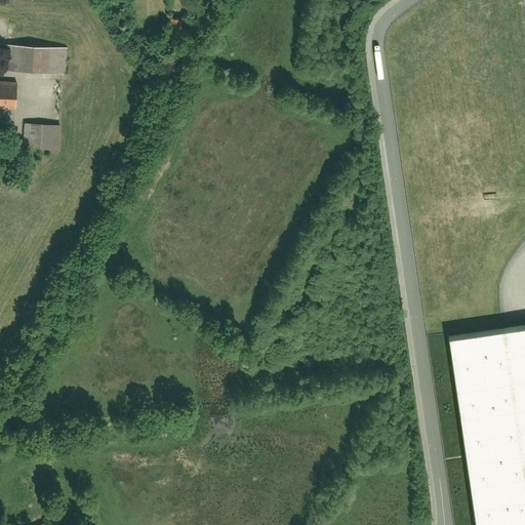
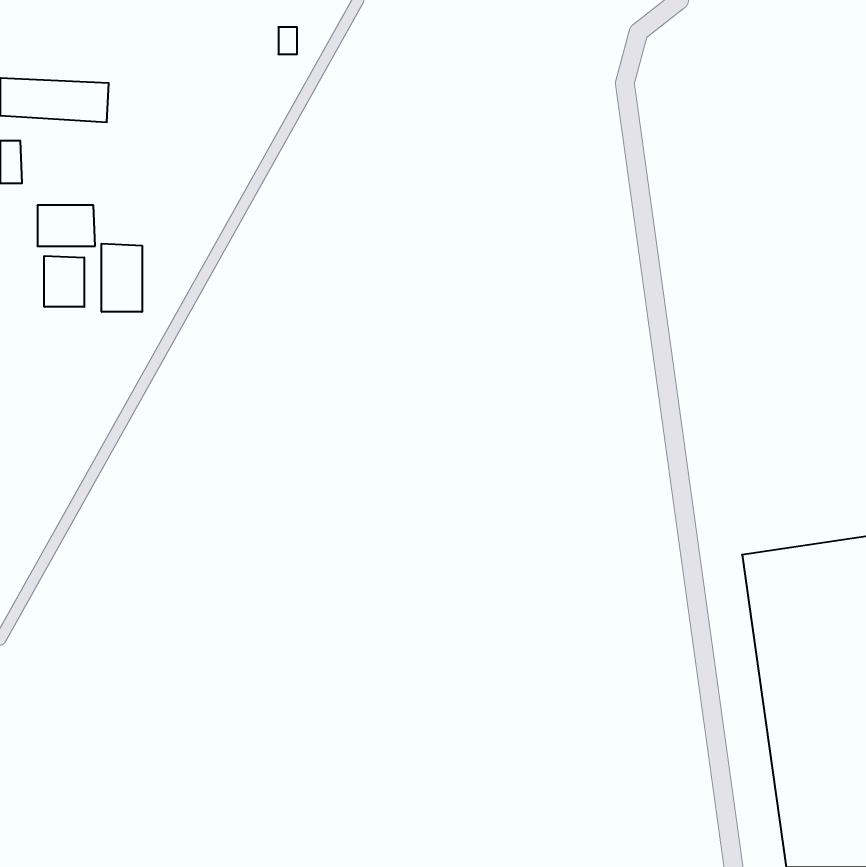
building: none -> [102,244,142,312]
building: none -> [44,256,84,307]

